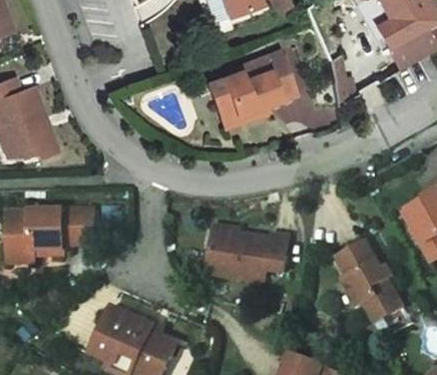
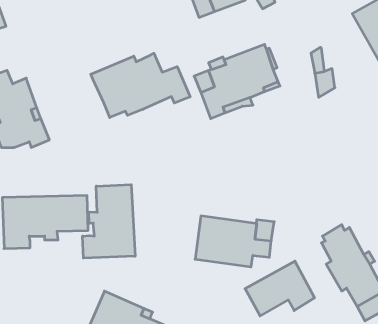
building: none -> [91,53,190,118]
building: none -> [83,185,135,258]
building: none -> [245,261,314,316]

